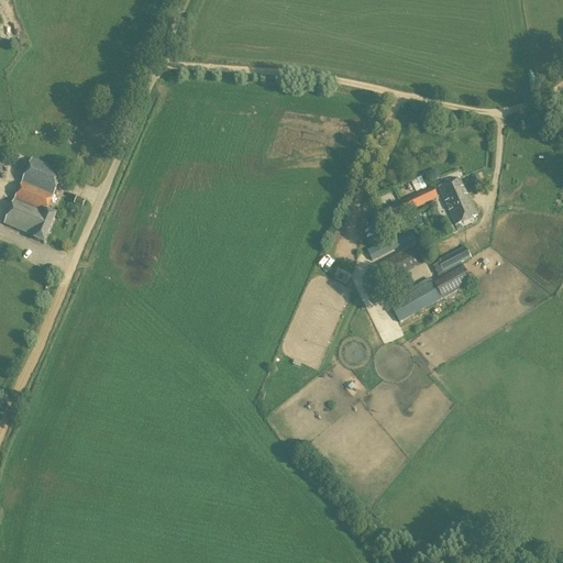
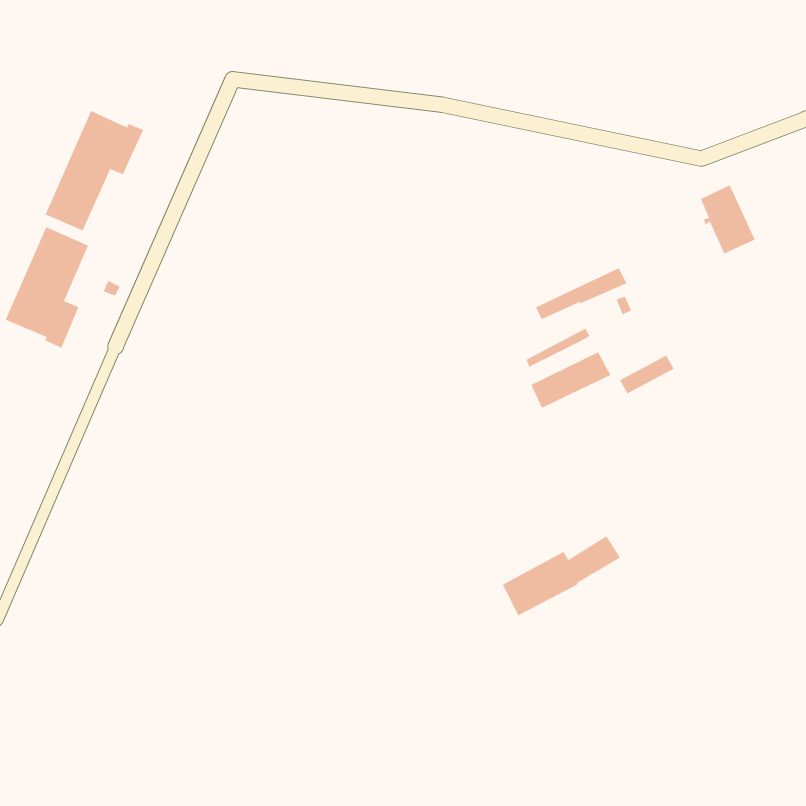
building: none -> [45,110,144,231]
building: [438,176,476,224] -> [700,184,756,254]
building: [386,265,468,321] -> [502,535,621,616]

